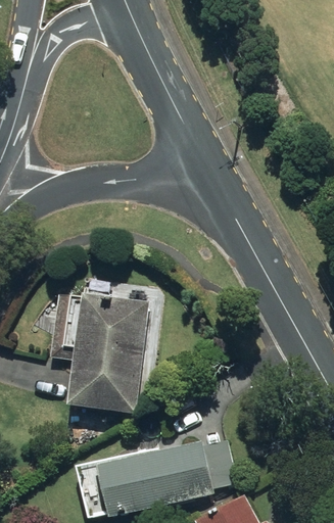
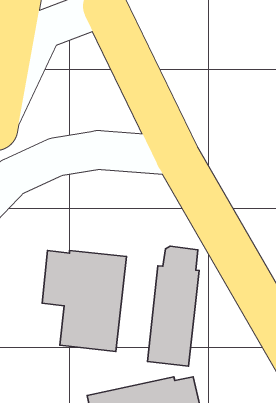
building: none -> [148,246,199,366]

